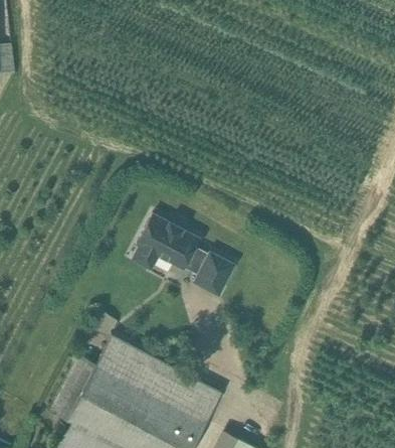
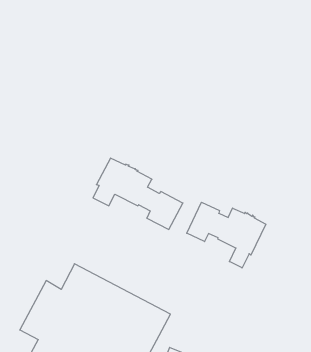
building: none -> [187,202,266,268]

